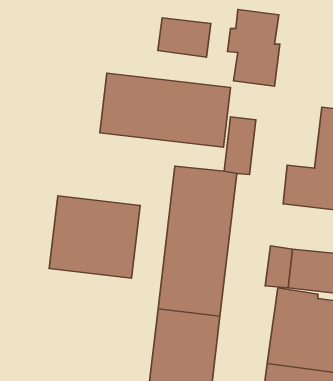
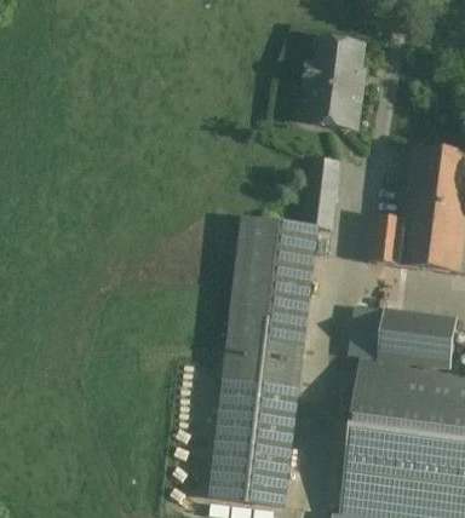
building: [158,18,211,57] -> none
building: [100,73,230,147] -> none
building: [49,196,140,278] -> none

